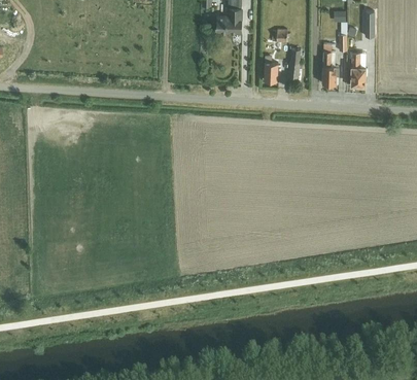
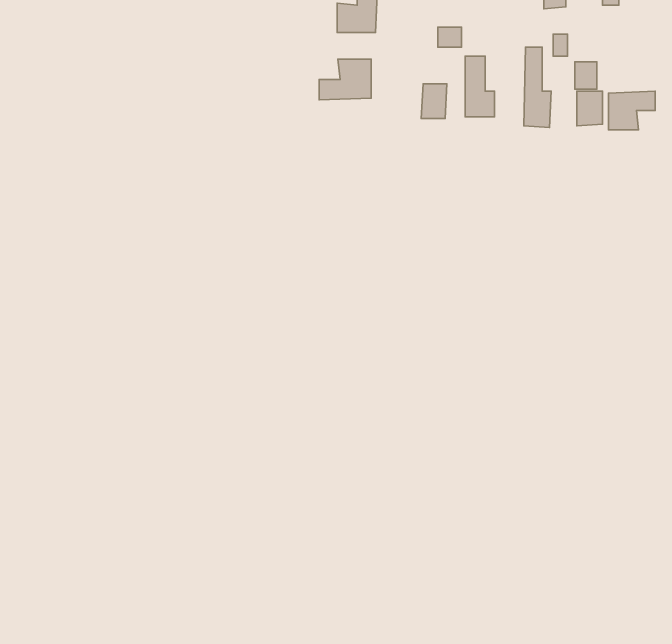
building: none -> [319,59,371,100]
building: none -> [608,91,655,130]

